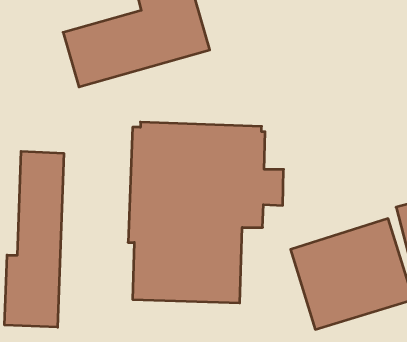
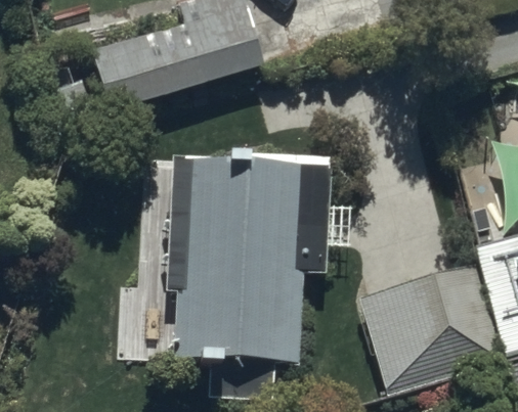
building: [5,151,64,327] -> none

